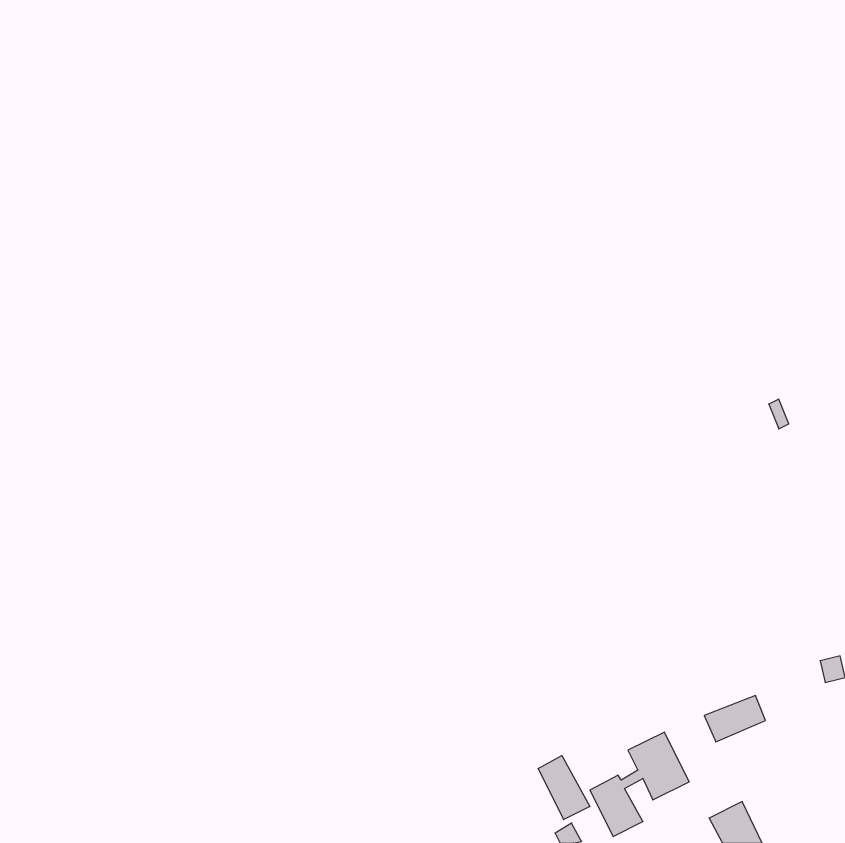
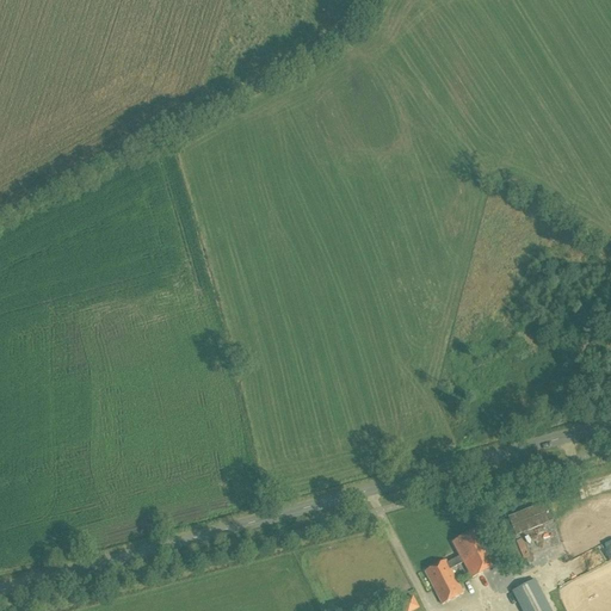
building: [538,756,590,820] -> none

